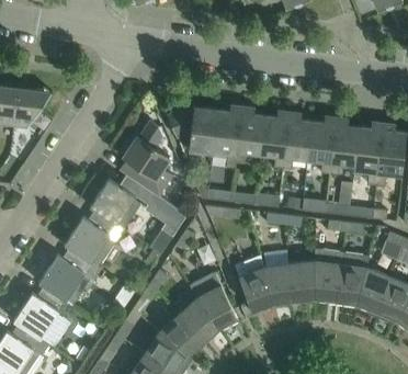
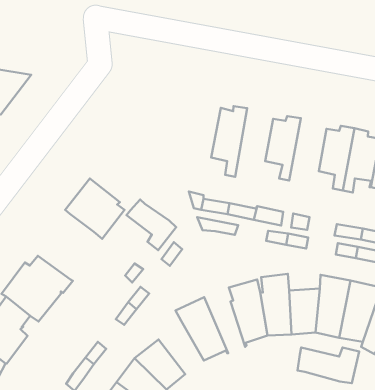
building: [167,107,218,154] -> none
building: [235,109,264,169] -> none
building: [282,114,311,170] -> none
building: [120,122,172,197] -> none
building: [64,211,115,268] -> none
building: [178,297,218,343] -> none
building: none -> [297,348,359,383]

